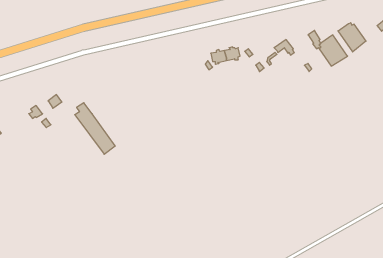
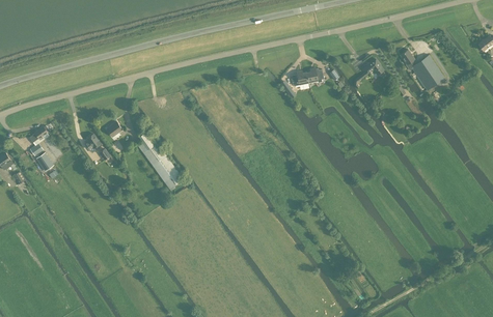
building: [338,23,366,52] -> none

